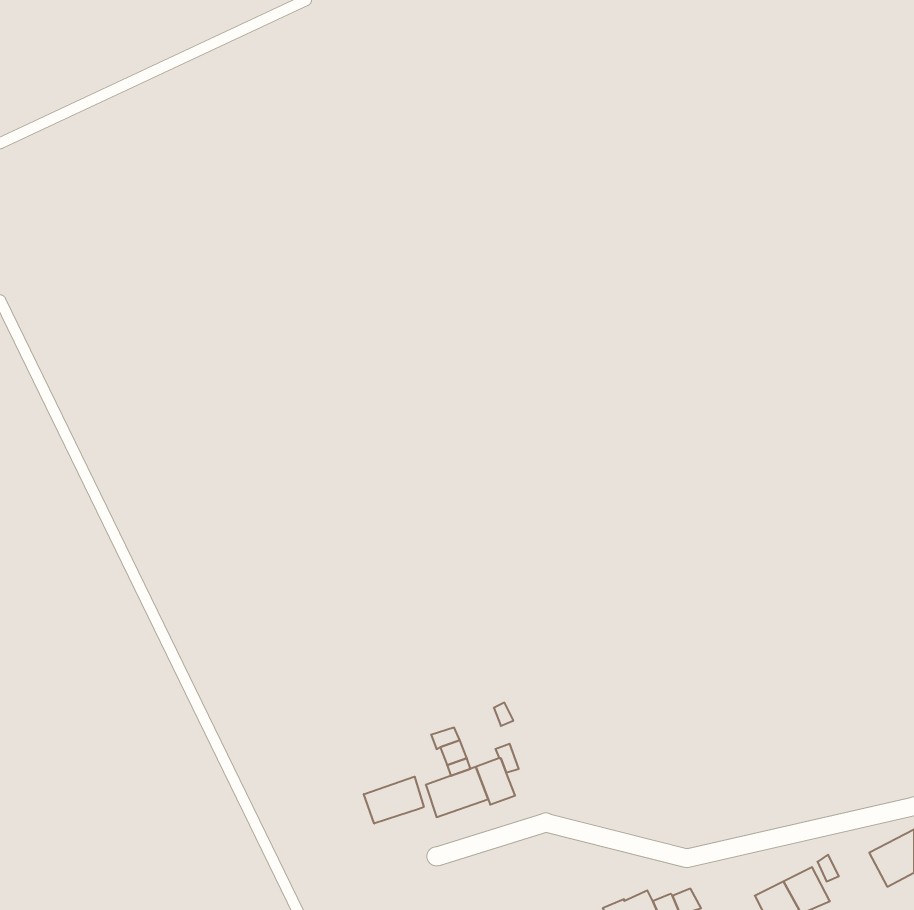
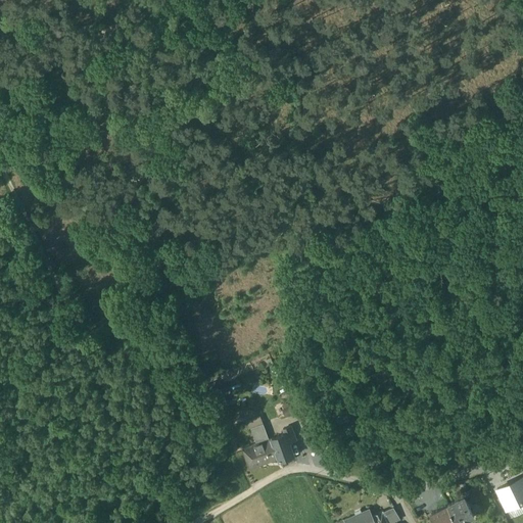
building: [364,777,424,824] -> none

